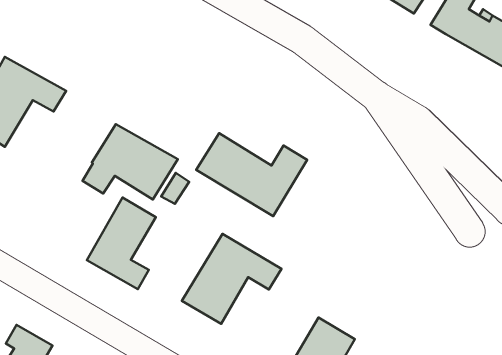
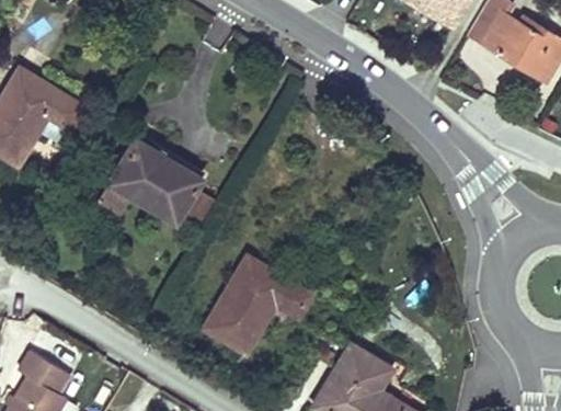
building: [196,133,307,216] -> none
building: [87,198,156,289] -> none

